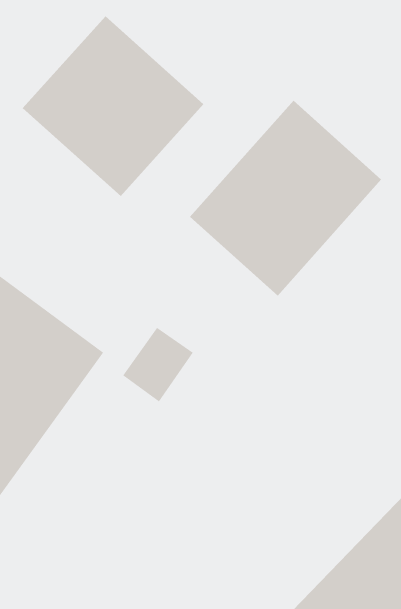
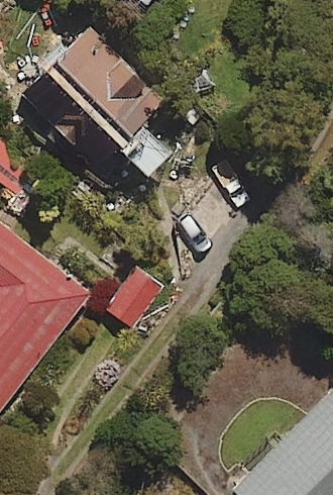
building: [189,100,382,296] -> none

